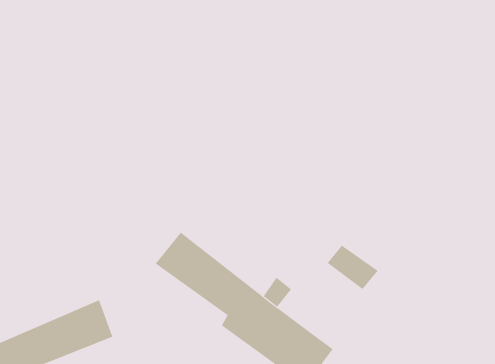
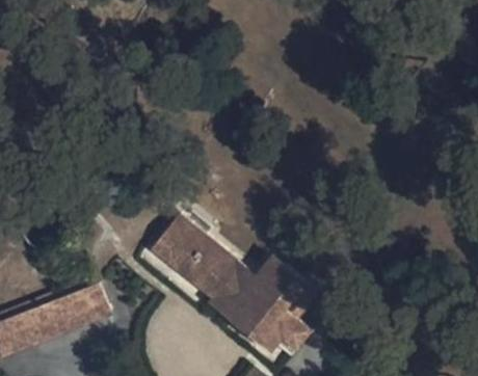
building: [327,245,379,290] -> [262,273,310,315]

